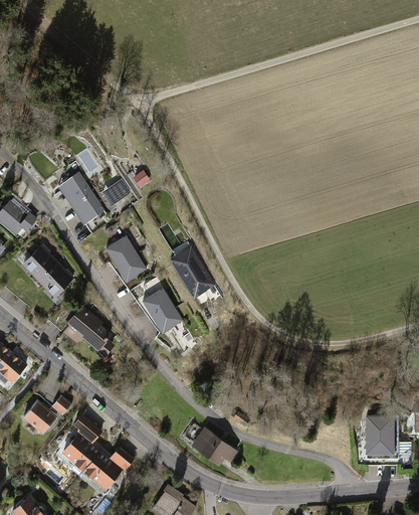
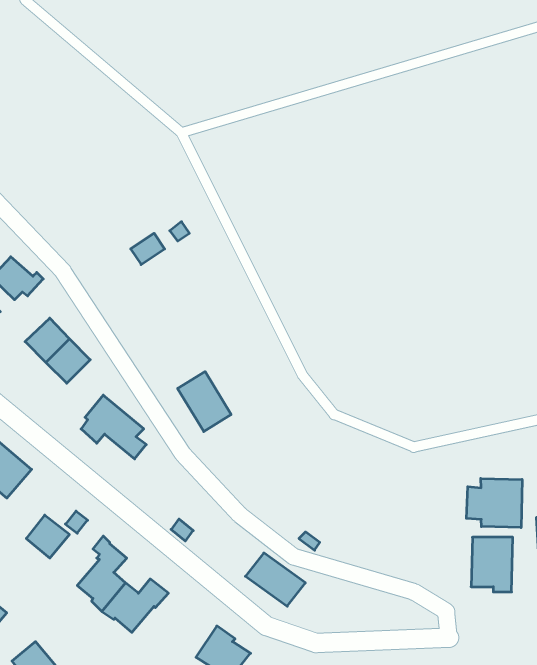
building: [60,175,104,225] -> none
building: [102,234,145,282] -> none
building: [168,248,212,299] -> none
building: none -> [466,478,522,528]

